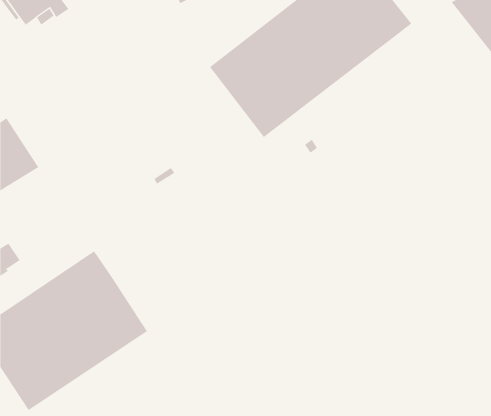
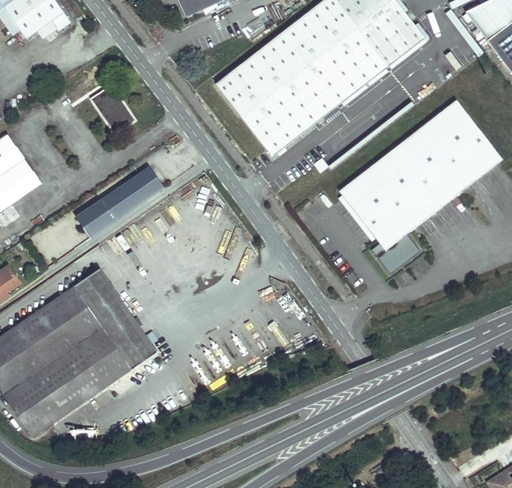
building: none -> [91,87,136,135]
building: none -> [339,101,502,273]
building: none -> [77,166,164,236]

